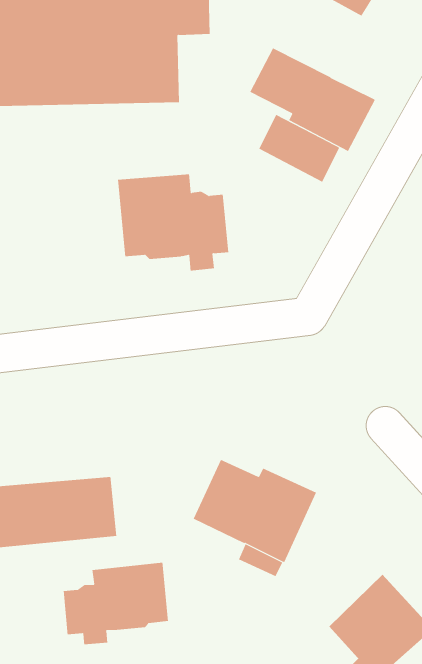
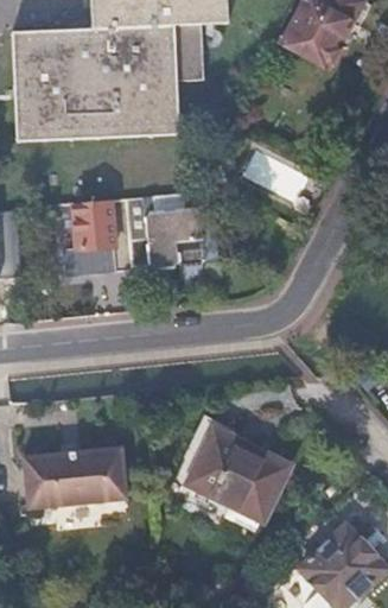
building: [250,47,376,152] -> none
building: none -> [69,201,132,274]
building: [63,562,168,645] -> none

